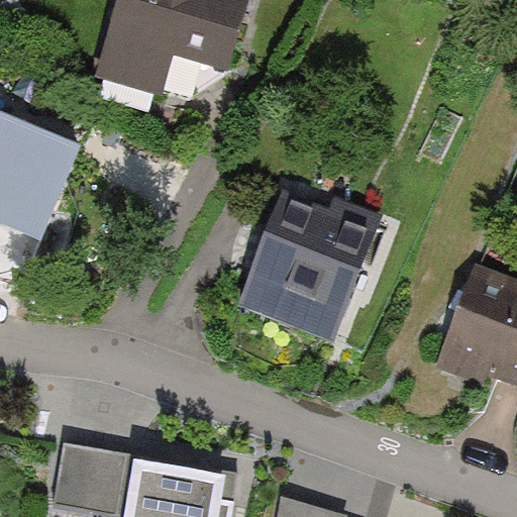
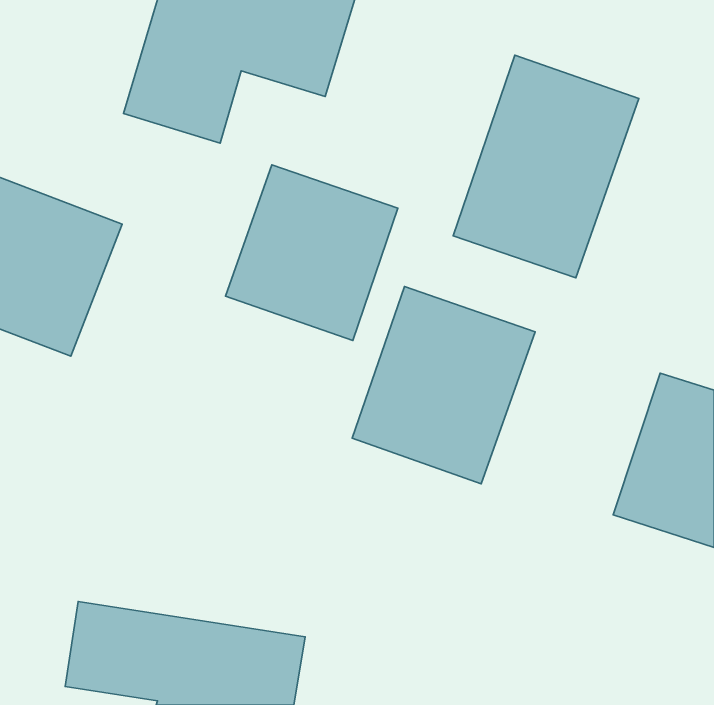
building: none -> [453,55,639,278]
building: none -> [226,165,398,340]

